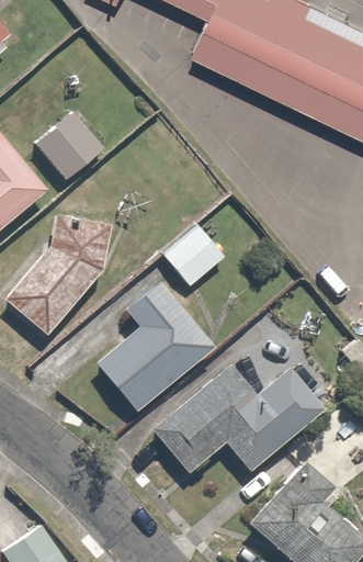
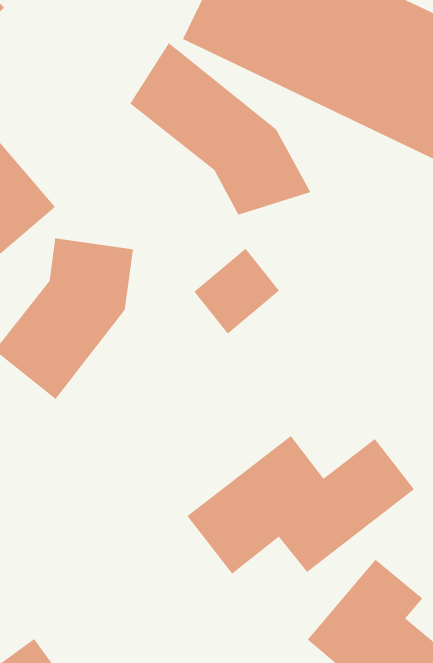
building: none -> [130,42,311,216]
building: [31,104,109,181] -> none
building: [98,278,216,406] -> none

